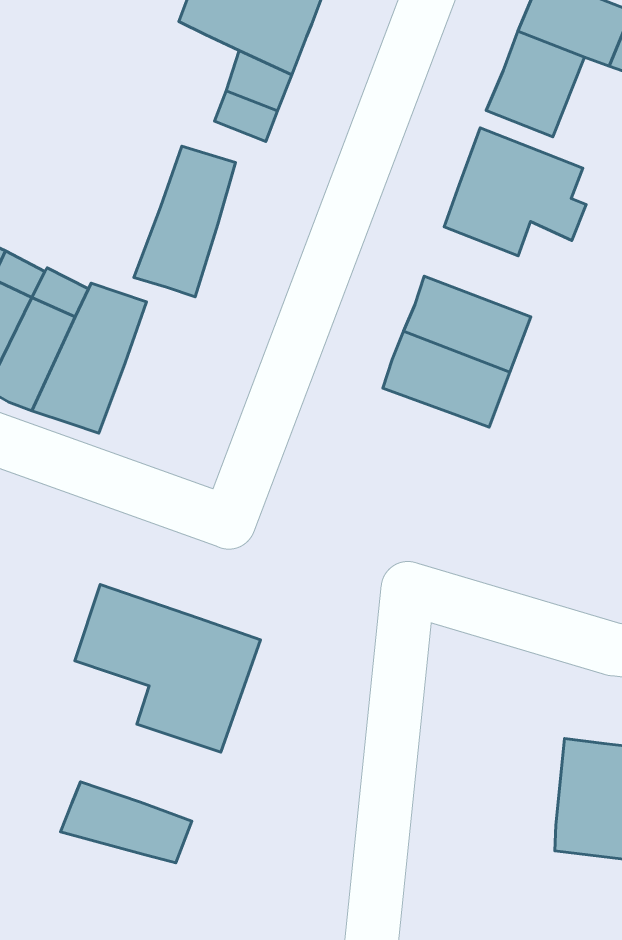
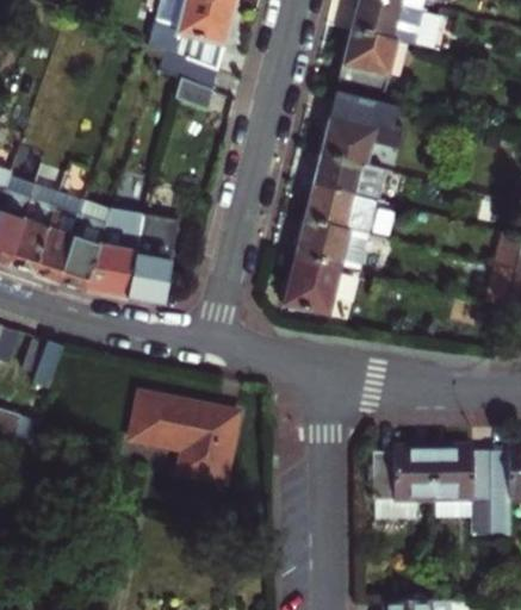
building: [134,146,235,297] -> [130,216,182,305]
building: none -> [314,149,389,197]
building: none -> [283,250,343,313]
building: none -> [376,446,433,500]
building: [61,782,192,863] -> none

